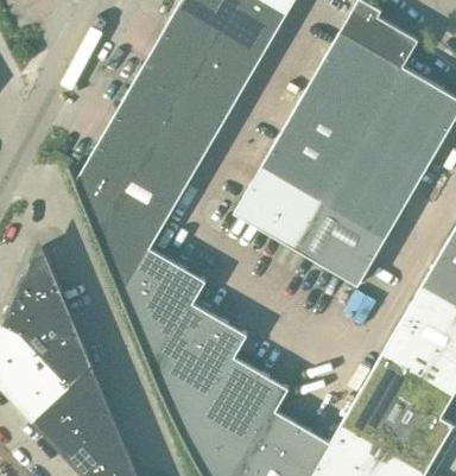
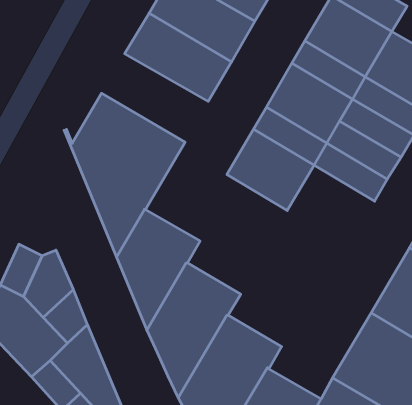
building: [104,90,214,180] -> none
building: [294,204,384,286] -> none
building: [20,248,58,297] -> none

